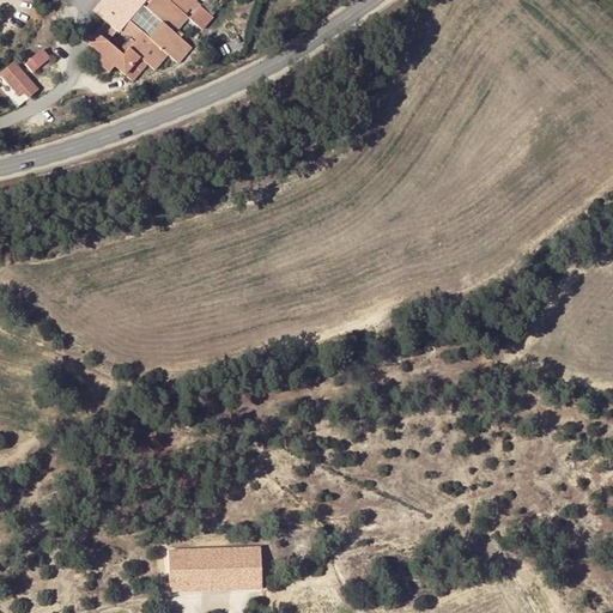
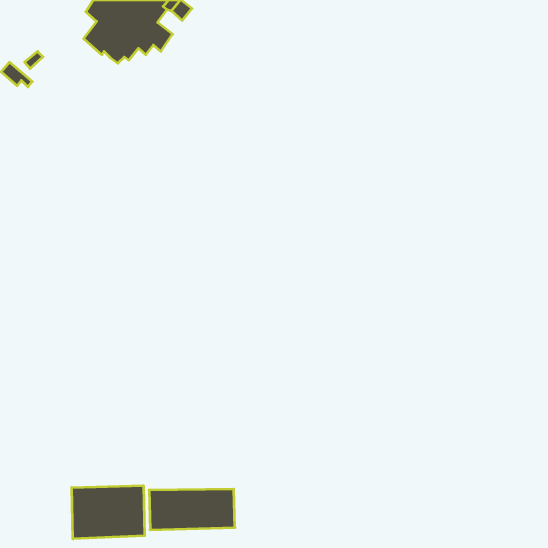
building: none -> [72,486,145,539]

